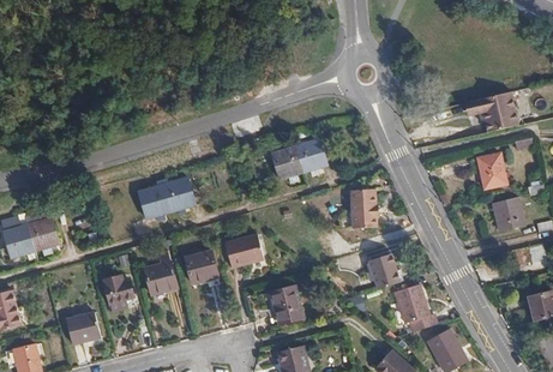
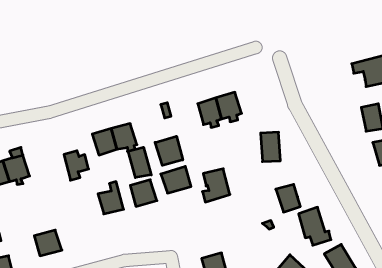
building: none -> [155,136,183,165]
building: none -> [128,147,151,178]
building: [102,275,133,312] -> [64,151,89,180]
building: [269,281,303,323] -> [202,169,230,202]

